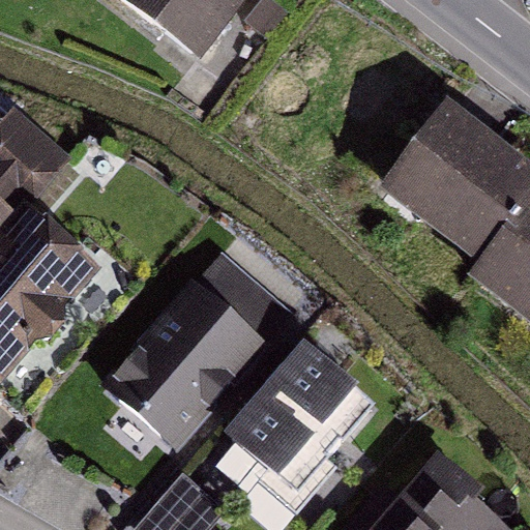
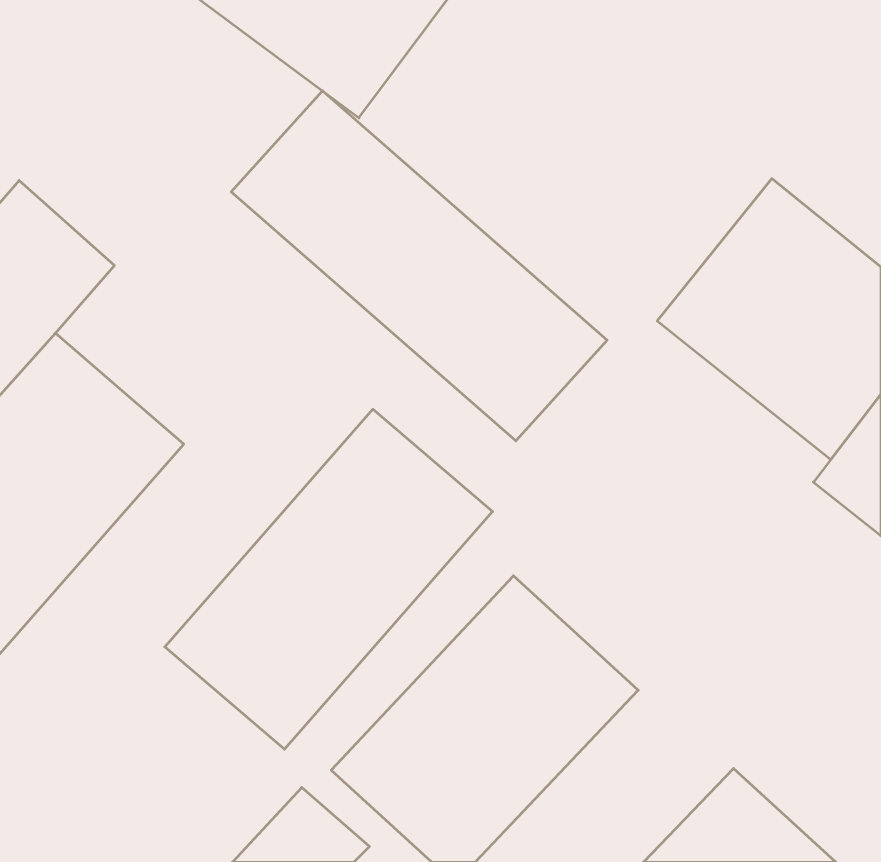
building: none -> [231,91,607,441]

